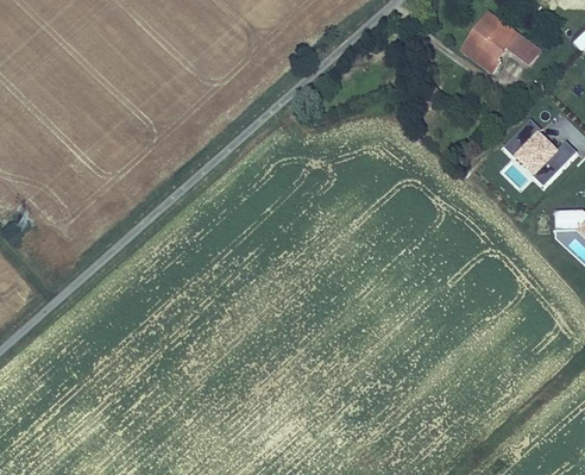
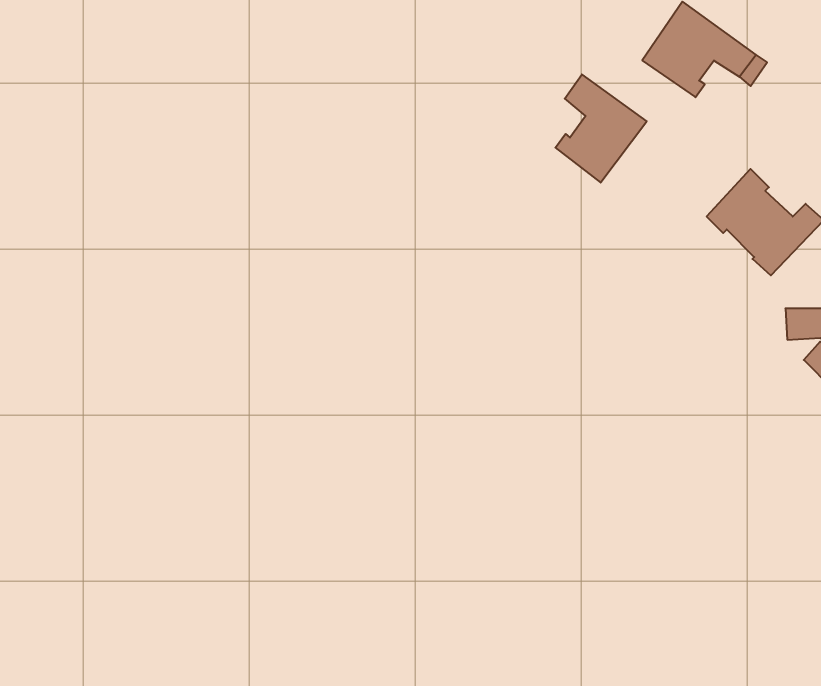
building: none -> [555,74,647,183]

